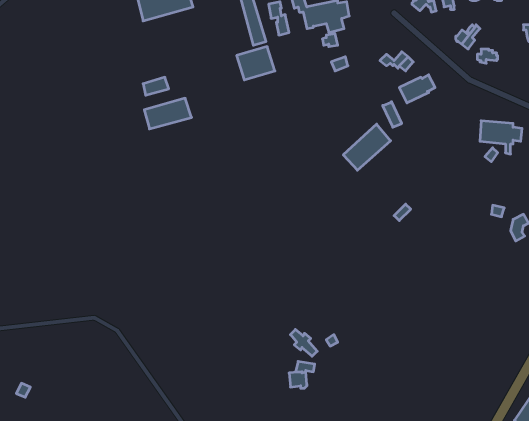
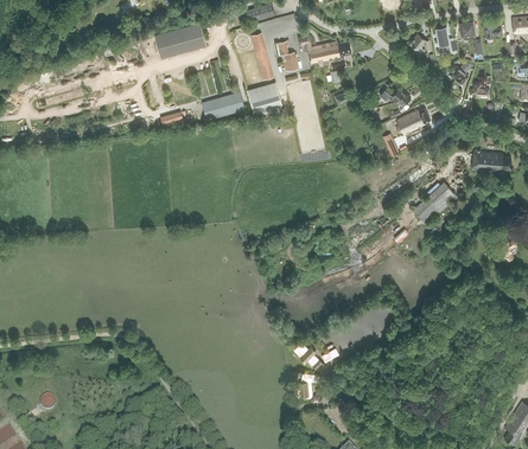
building: [144,98,192,129] -> [202,90,246,118]
building: [343,124,391,170] -> [413,181,457,224]

